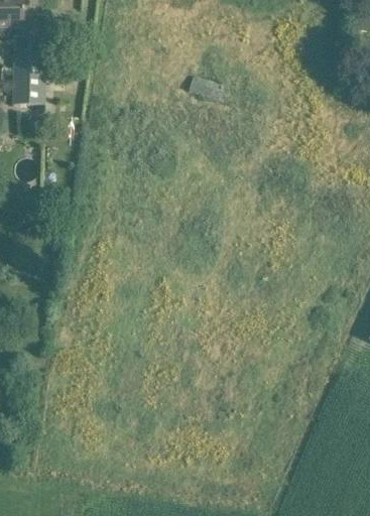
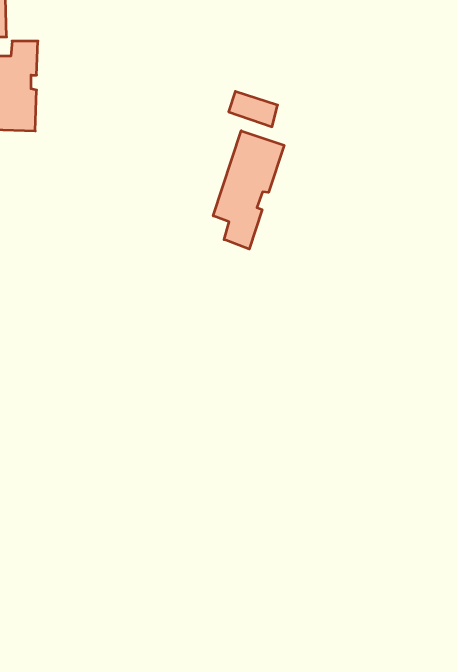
building: none -> [213,131,284,249]

